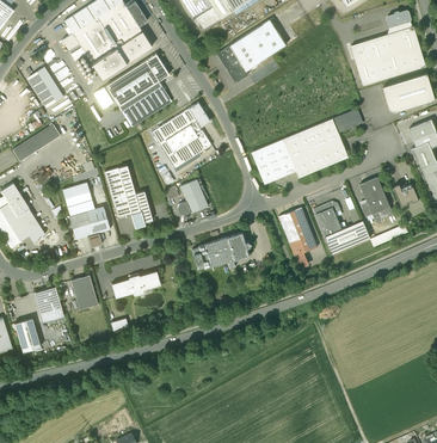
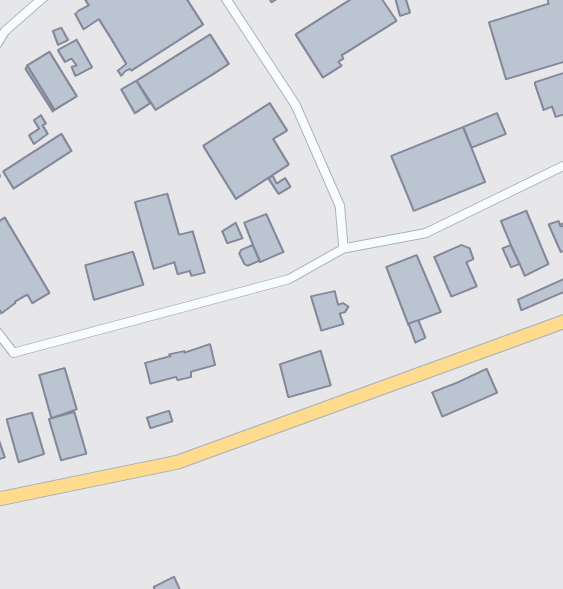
building: [118,81,172,127] -> none
building: [252,139,296,184] -> none
building: [61,183,94,215] -> none
building: [325,220,370,253] -> [432,369,497,417]
building: [198,236,234,269] -> [280,351,331,397]
building: [70,276,97,309] -> [49,412,86,460]

